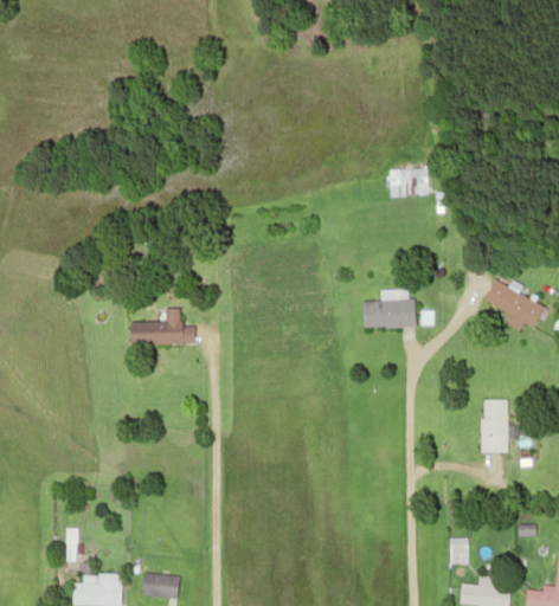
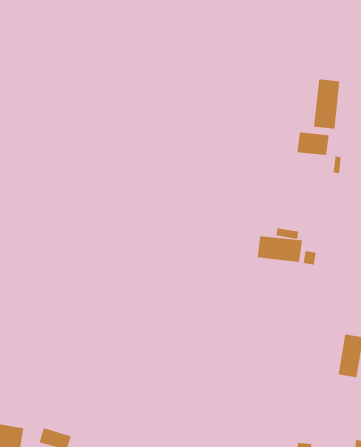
building: none -> [314,79,340,129]
building: [130,321,193,343] -> none

